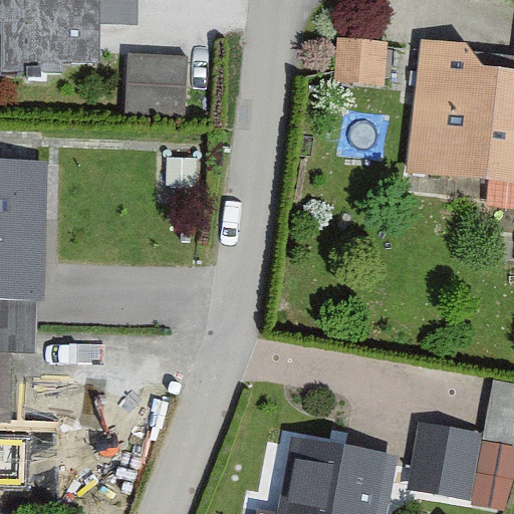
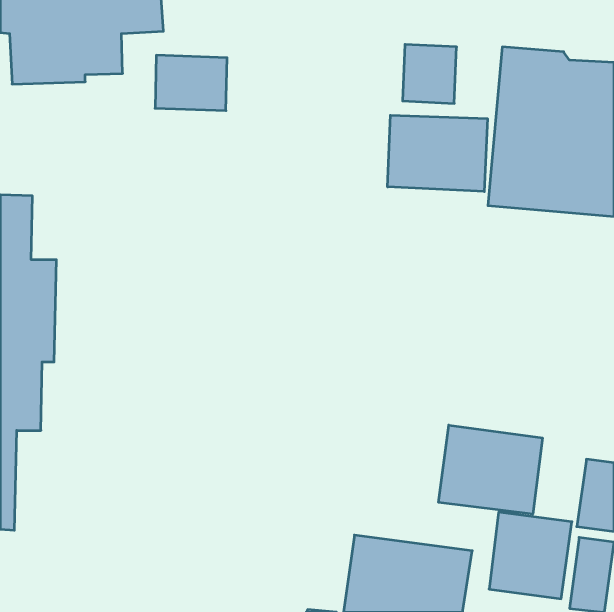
building: none -> [388,115,487,192]
building: none -> [439,425,542,514]

